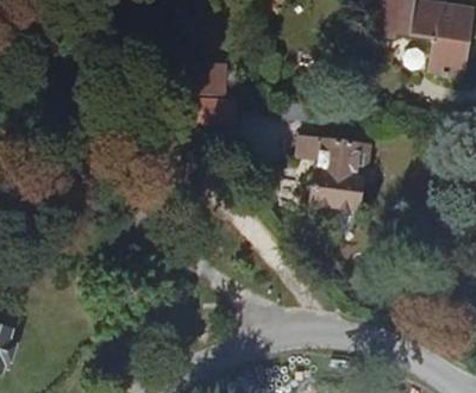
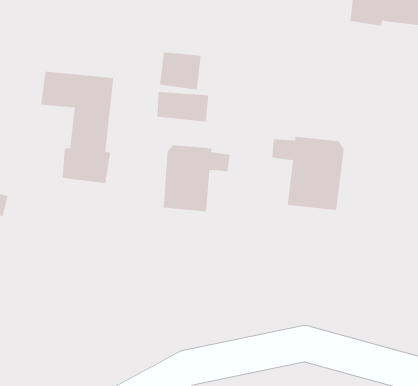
building: none -> [40,71,114,184]
building: none -> [163,145,230,212]

